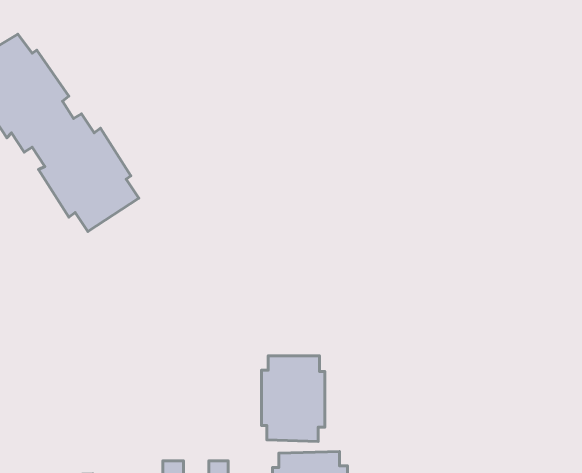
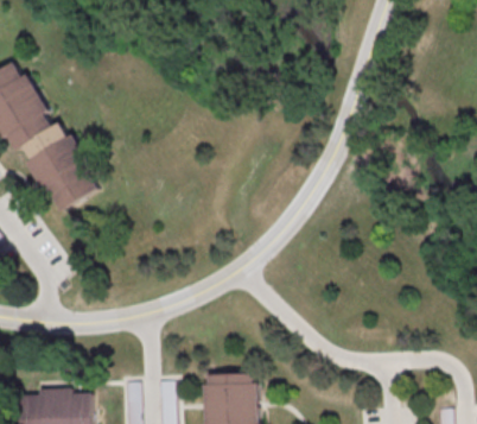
building: [261,356,325,441] -> none

